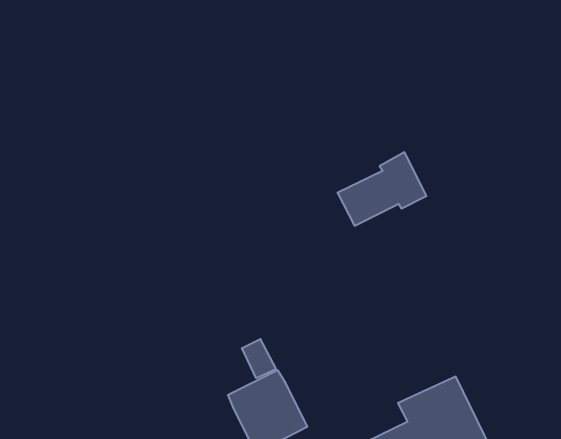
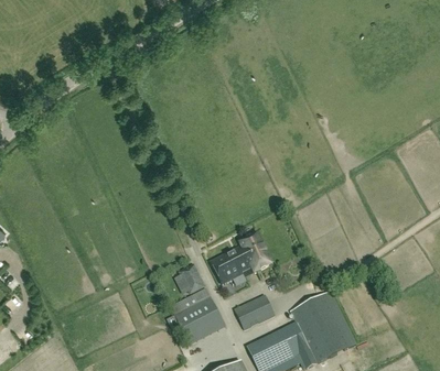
building: [337,152,426,226] -> [208,232,271,284]
building: none -> [234,295,273,329]

